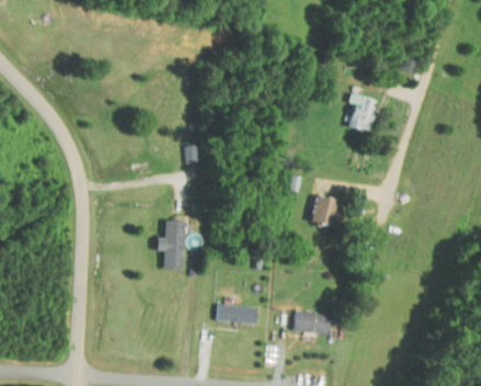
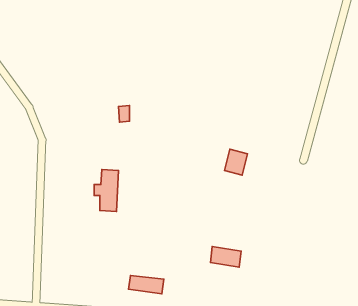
building: [347,93,377,132] -> none
building: [216,303,257,325] -> [129,275,164,294]

